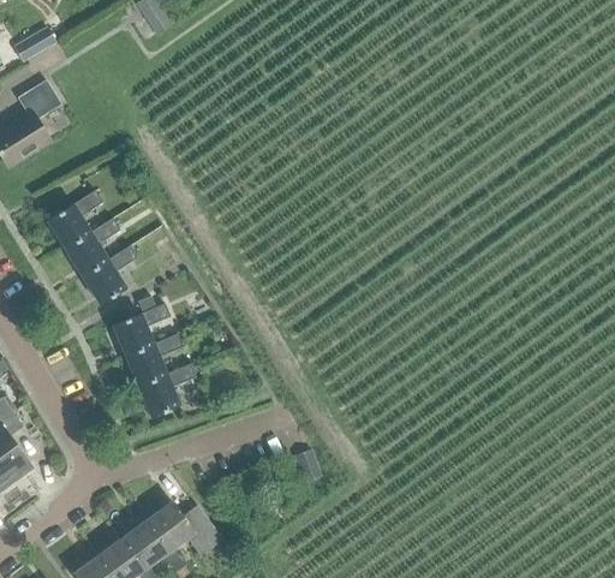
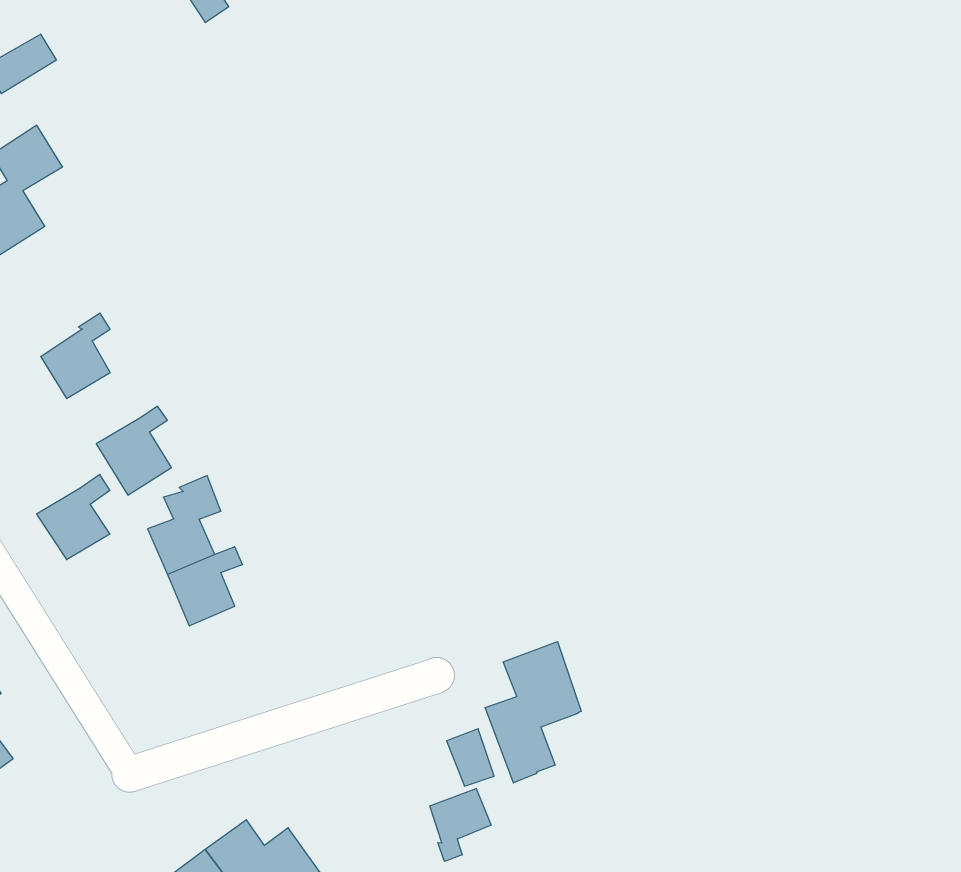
building: [64,222,108,274] -> [37,474,110,560]
building: [138,365,184,417] -> none
building: none -> [485,642,581,783]
building: none -> [430,788,491,861]

